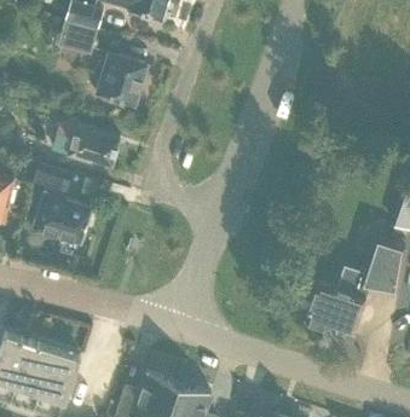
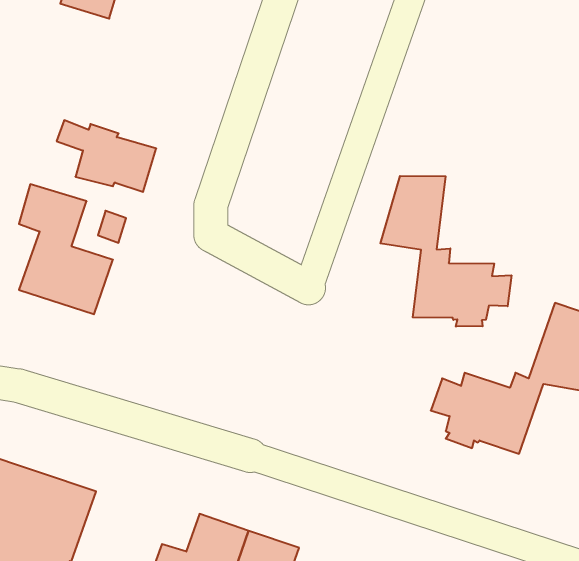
building: [94,52,146,105] -> none
building: none -> [380,176,511,327]

